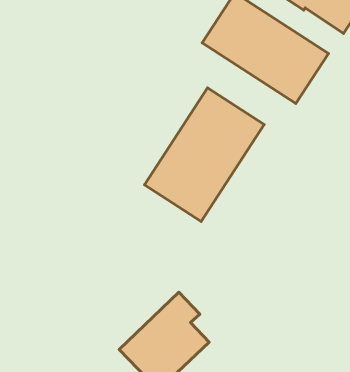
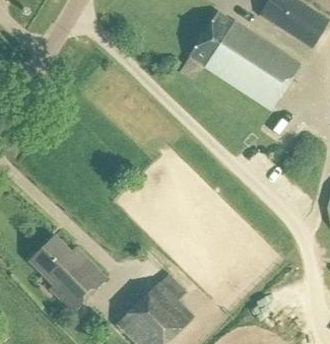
building: [145,88,264,221] -> none
building: none -> [29,234,108,314]

